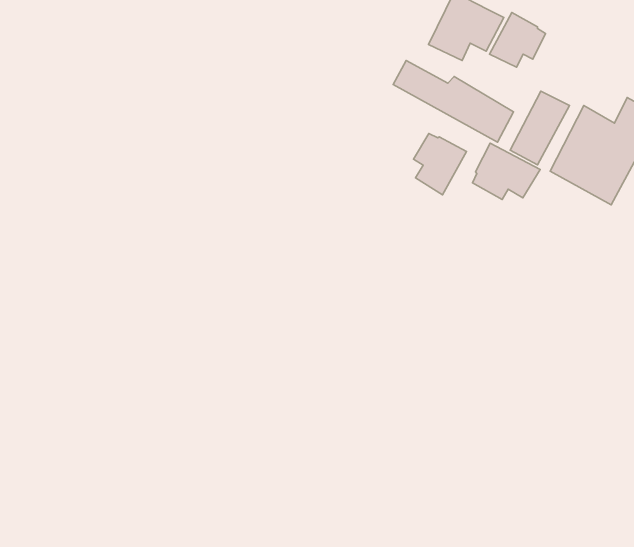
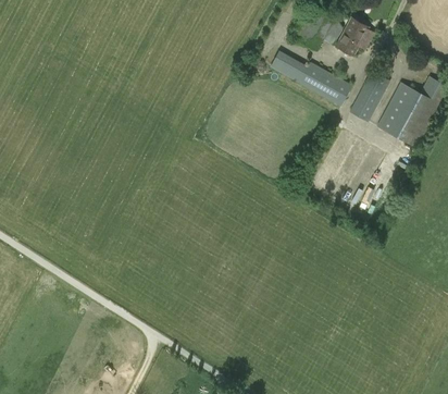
building: [414,134,466,195] -> none
building: [472,143,540,200] -> none

